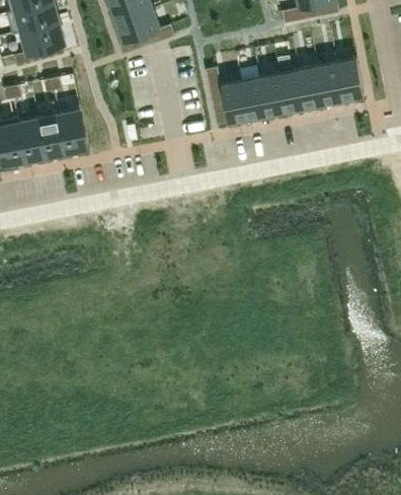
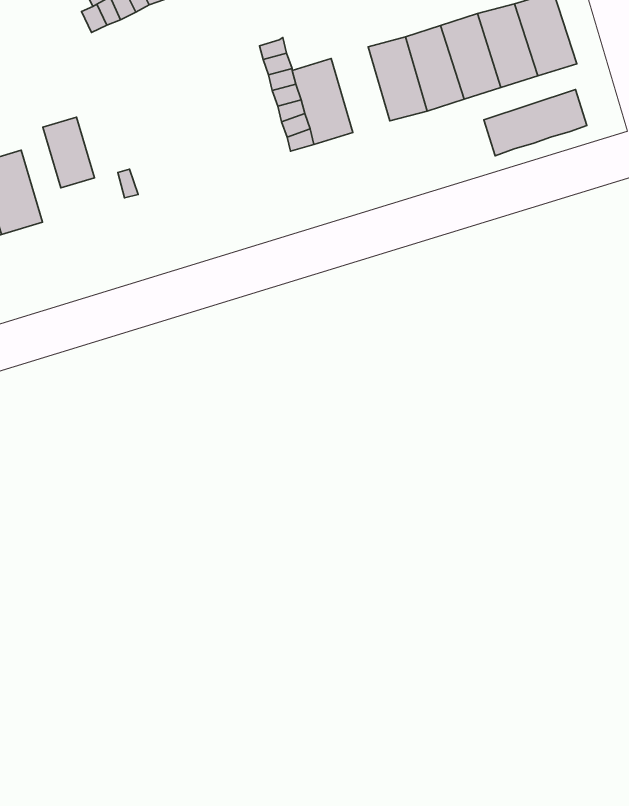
building: [240,74,266,117] -> none
building: none -> [43,117,95,188]
building: none -> [484,90,587,156]

